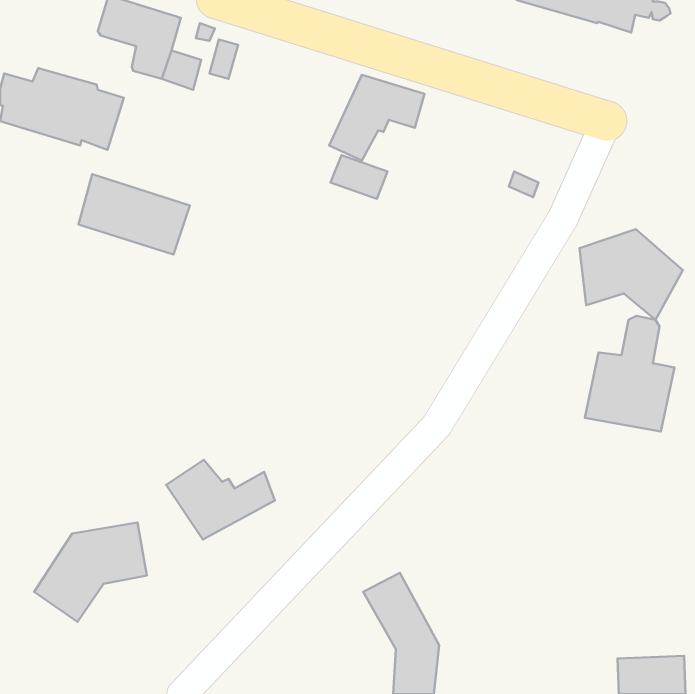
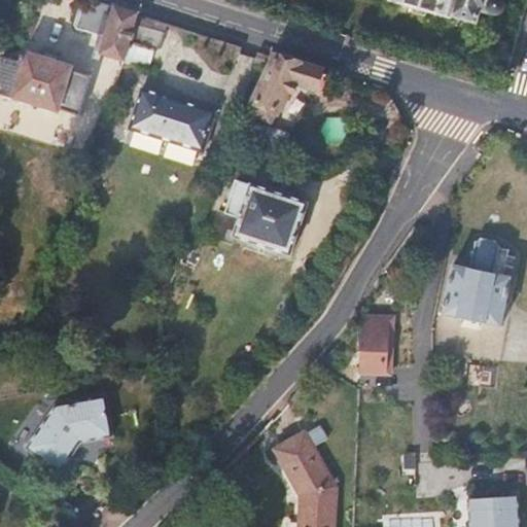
building: [78,174,190,254] -> [132,86,216,147]
building: [579,229,683,320] -> none
building: none -> [209,181,304,255]
building: none -> [361,315,392,372]
building: [166,460,275,539] -> none

